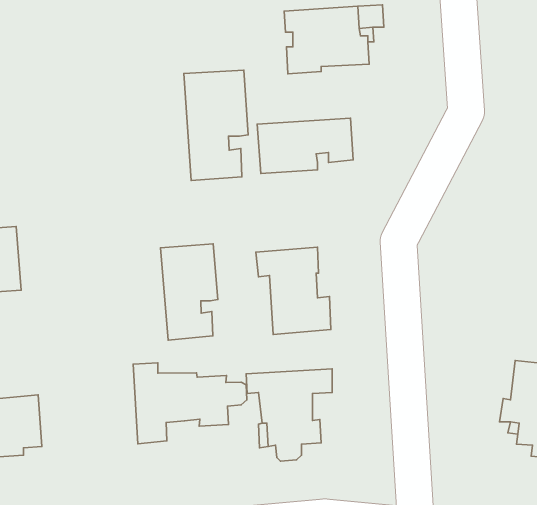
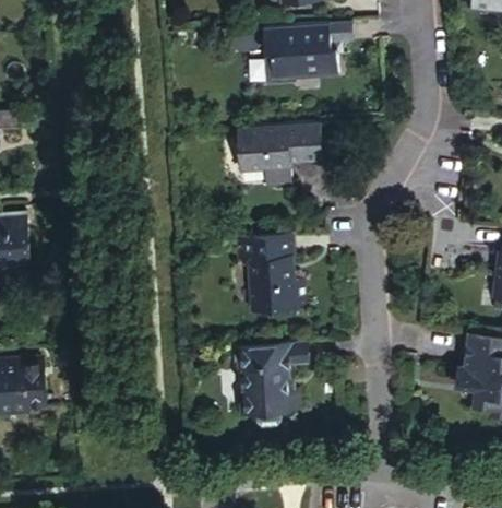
building: [184,70,248,181] -> none
building: [160,244,218,340] -> none
building: [133,363,247,444] -> none

